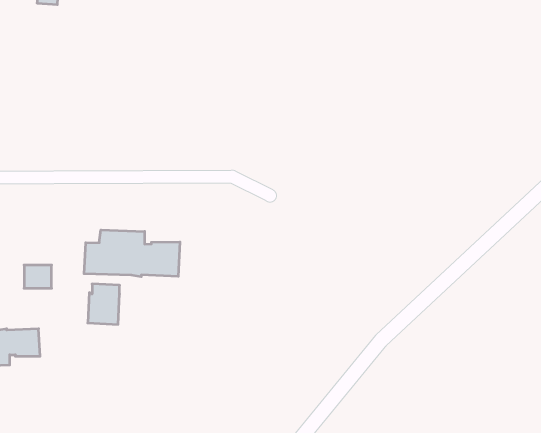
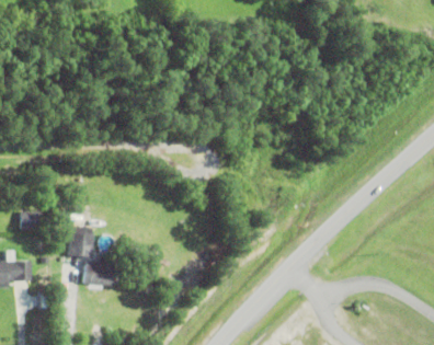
building: [84,230,180,277] -> none
building: none -> [83,257,114,286]

